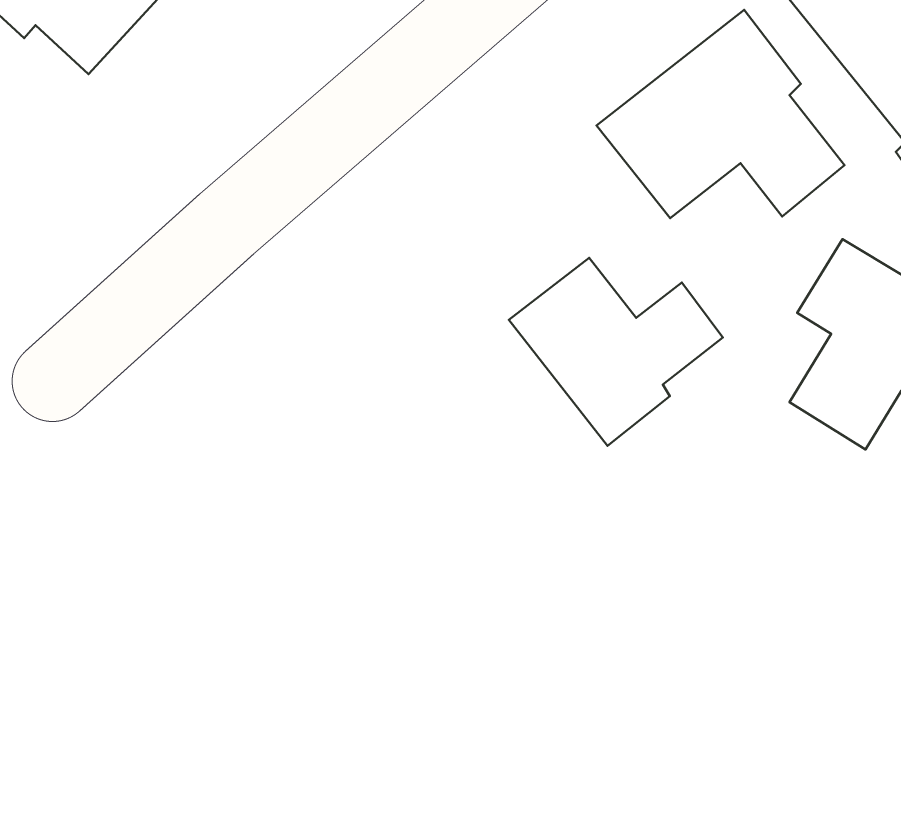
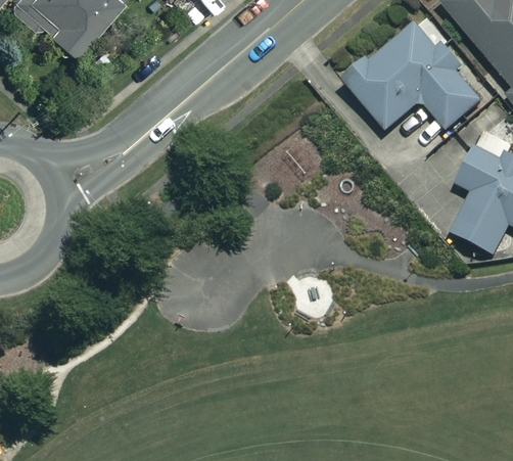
building: [509,258,723,446] -> none

